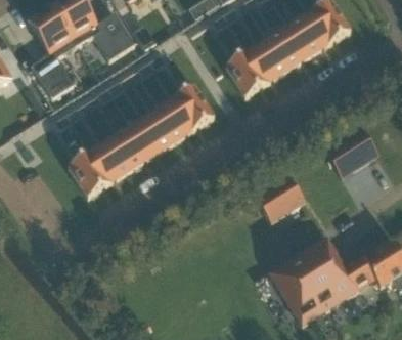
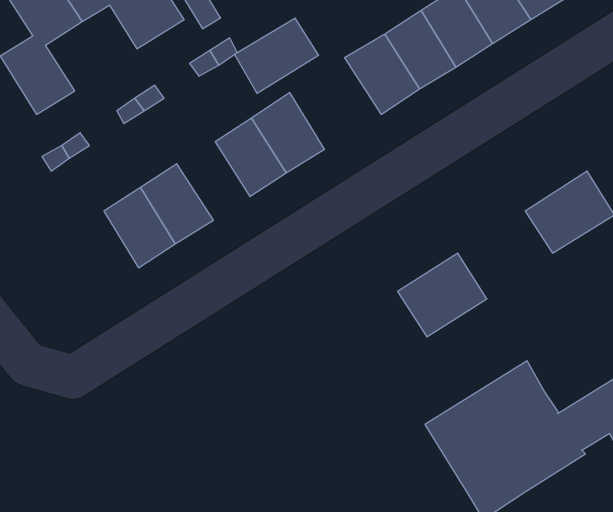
building: none -> [234,18,319,93]
building: [131,112,172,156] -> none
building: [69,151,109,196] -> none

